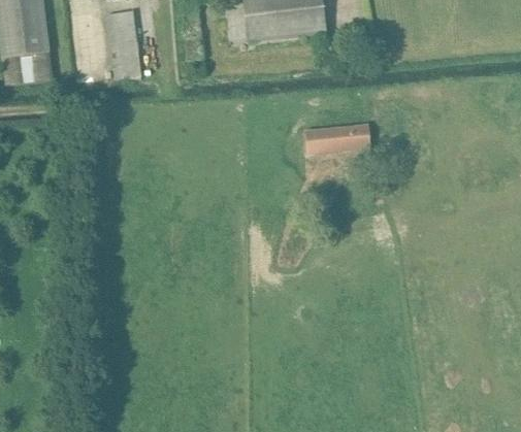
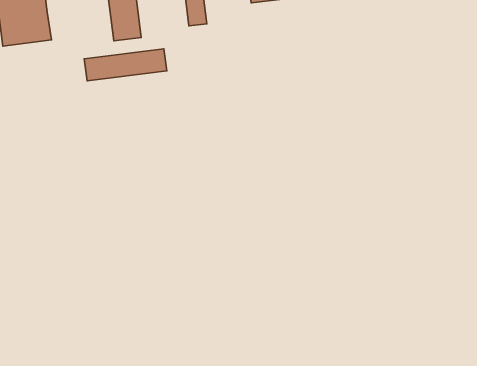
building: none -> [84,49,167,81]
building: [303,123,369,154] -> none

